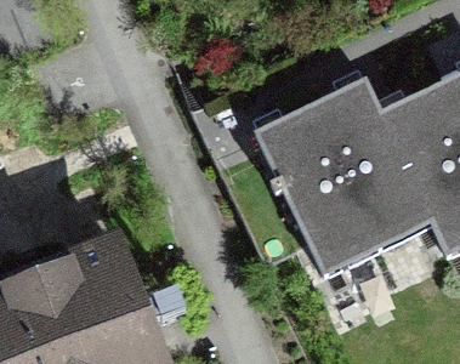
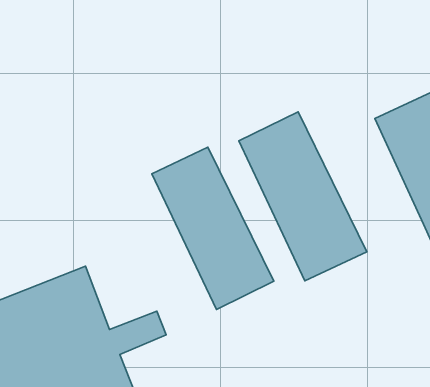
building: [318,83,433,238] -> none
building: none -> [152,147,274,310]

